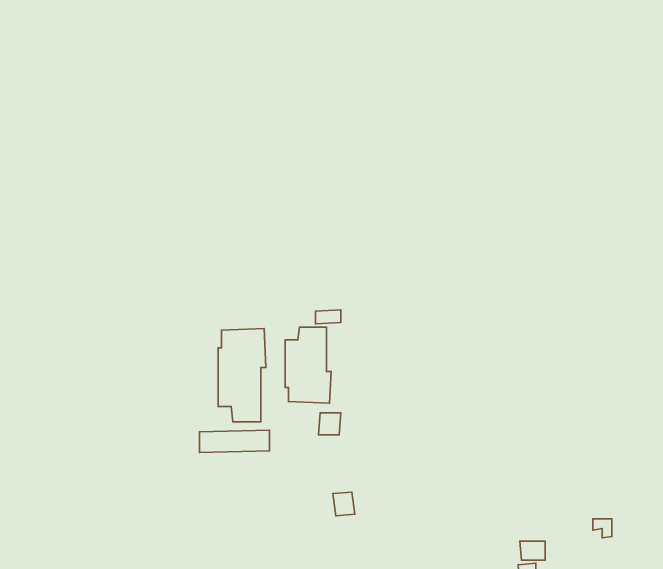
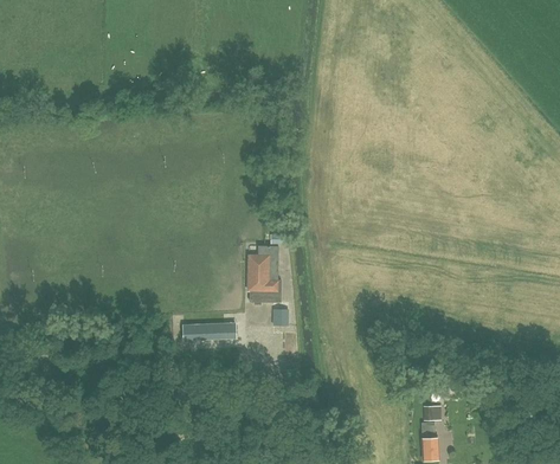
building: [218,328,266,422] -> none

